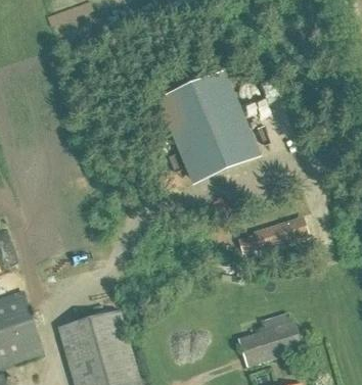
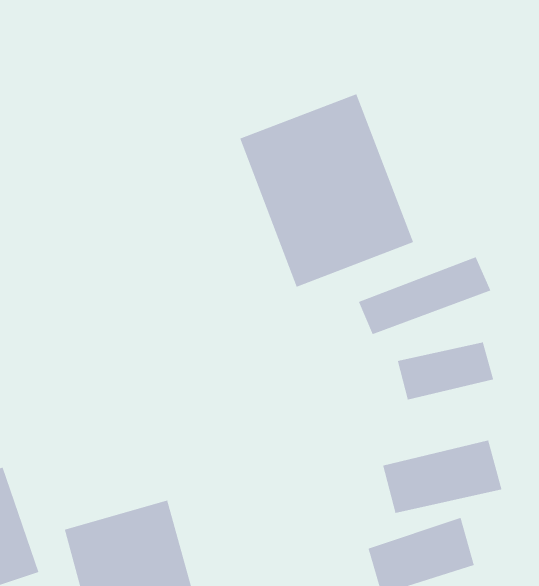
building: none -> [358,256,491,335]
building: none -> [382,440,503,514]

